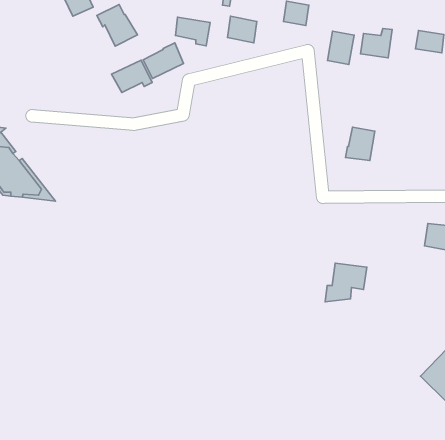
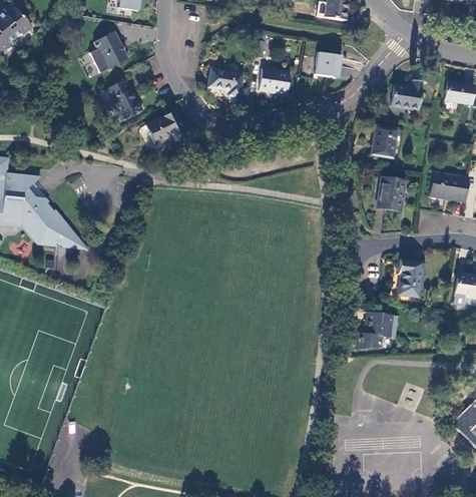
building: [97,4,137,46] -> [103,79,143,120]
building: [328,31,354,65] -> [371,125,397,158]
building: [143,43,183,78] -> none
building: none -> [429,172,469,201]
building: none -> [397,261,423,298]

